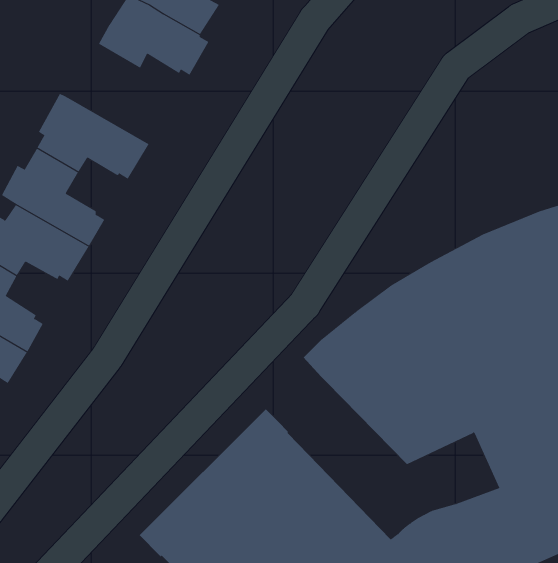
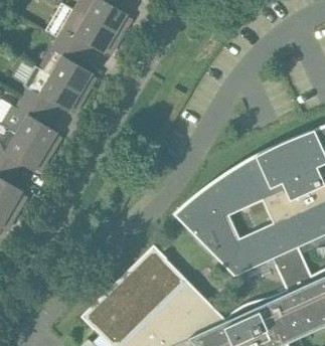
building: none -> [40,36,97,94]

